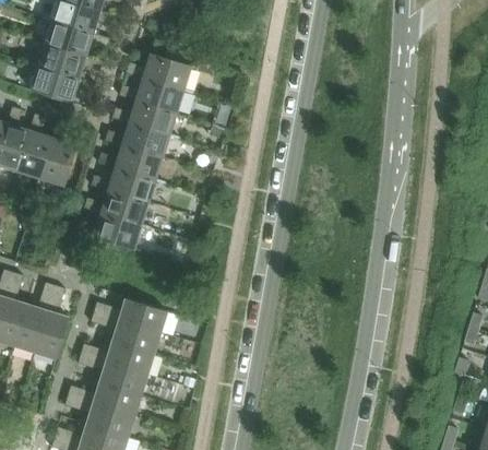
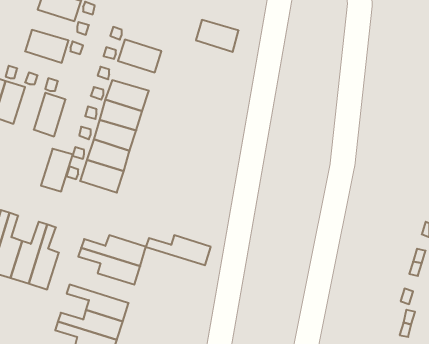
building: [38,44,86,79] -> none
building: [143,55,191,91] -> [196,20,239,52]
building: [129,102,177,135] -> none
building: [17,131,53,179] -> [41,149,73,191]
building: [81,341,154,375] -> [146,235,211,265]

